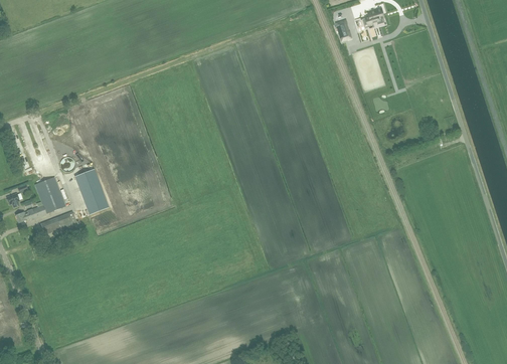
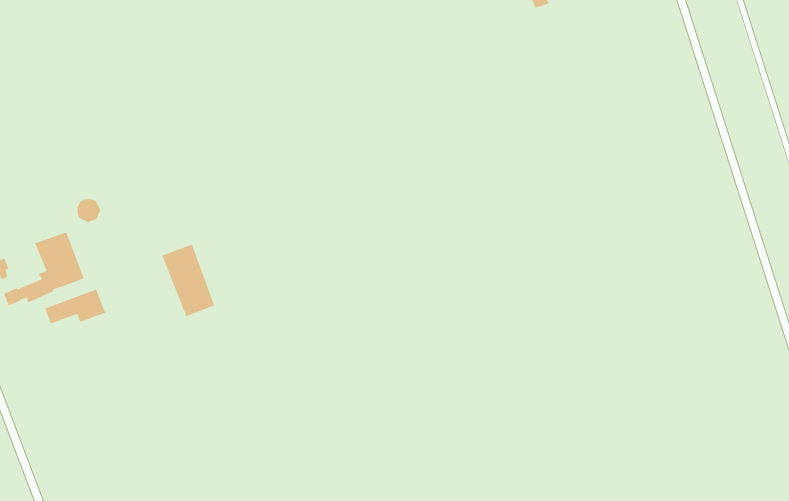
building: [74,168,108,213] -> [161,244,215,317]

